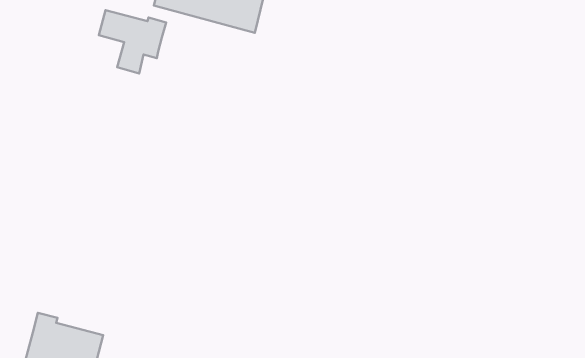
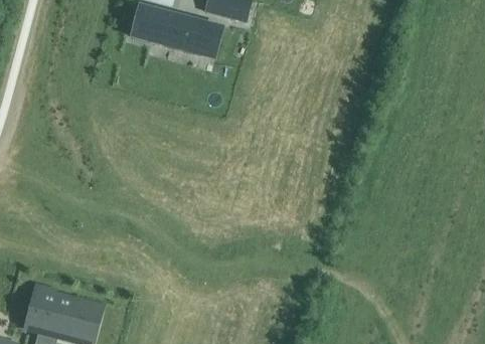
building: [99,10,166,73] -> none

